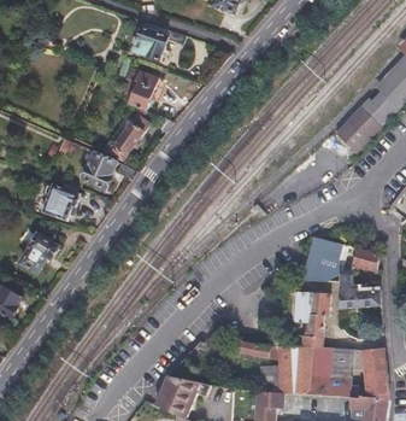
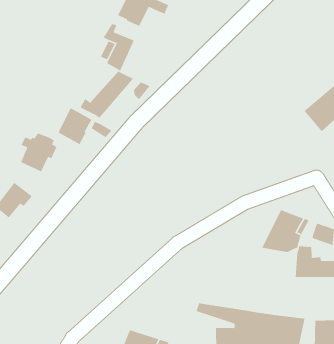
building: [293,294,330,347] -> none

